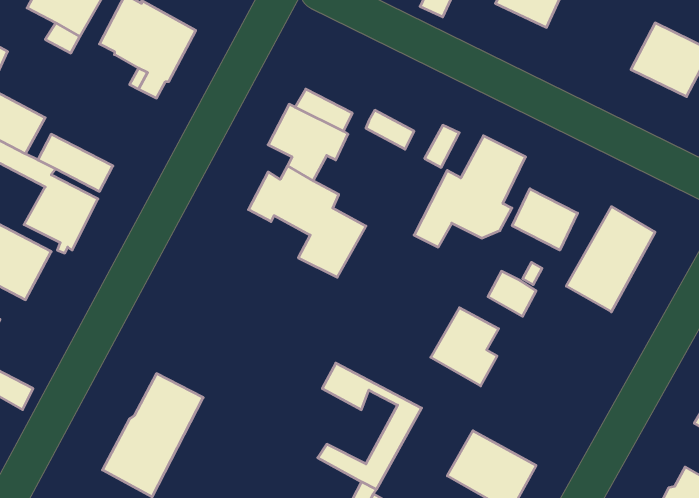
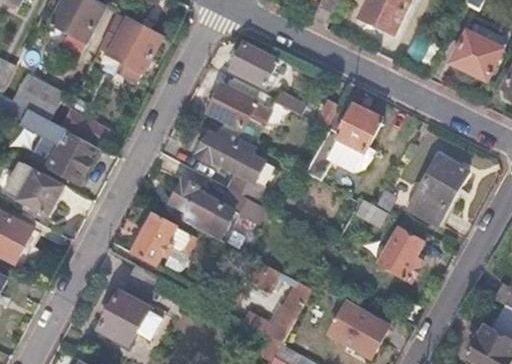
building: none -> [230,43,276,86]
building: [512,189,578,250] -> none
building: none -> [170,179,264,240]
building: none -> [134,216,189,264]
building: [431,308,499,386] -> [377,229,422,281]

